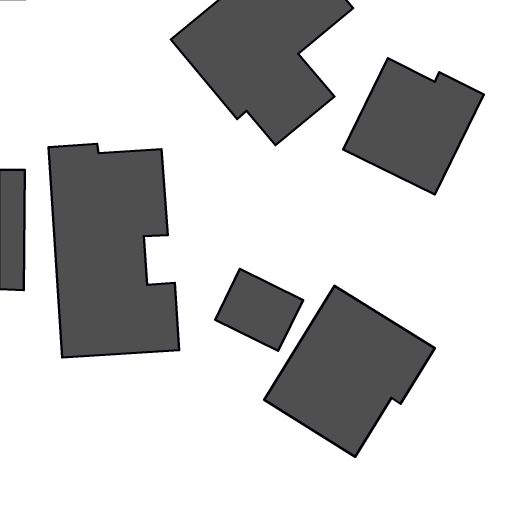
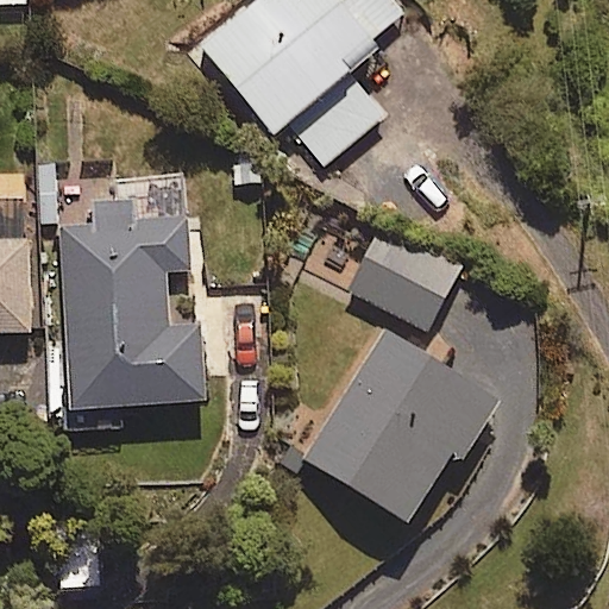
building: [343,58,484,195] -> none
building: [215,269,303,351] -> [359,230,460,324]

